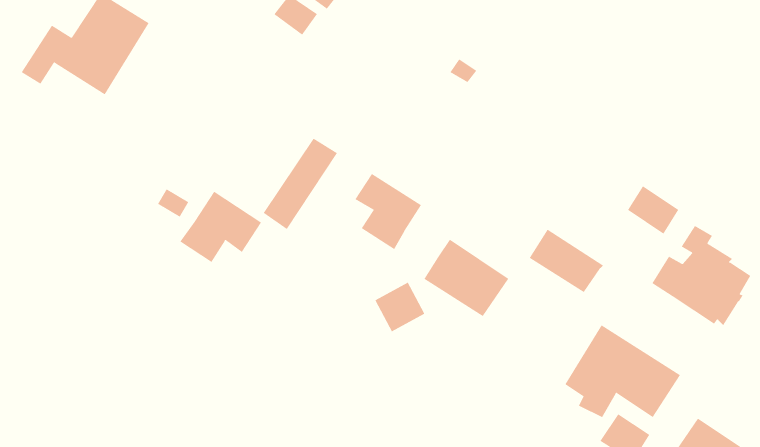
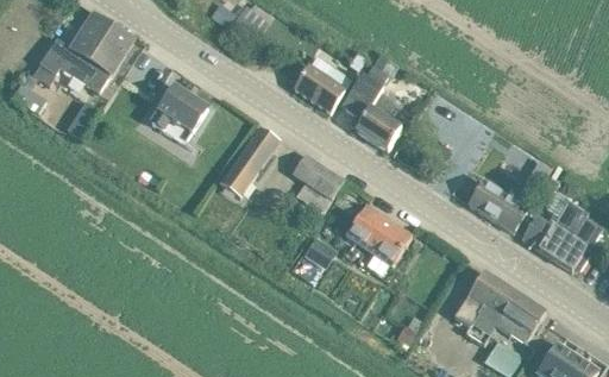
building: none -> [294,65,344,112]
building: none -> [340,74,401,150]
building: none -> [150,84,207,130]
building: [180,191,262,263] -> none
building: [529,229,604,293] -> [469,181,527,231]

